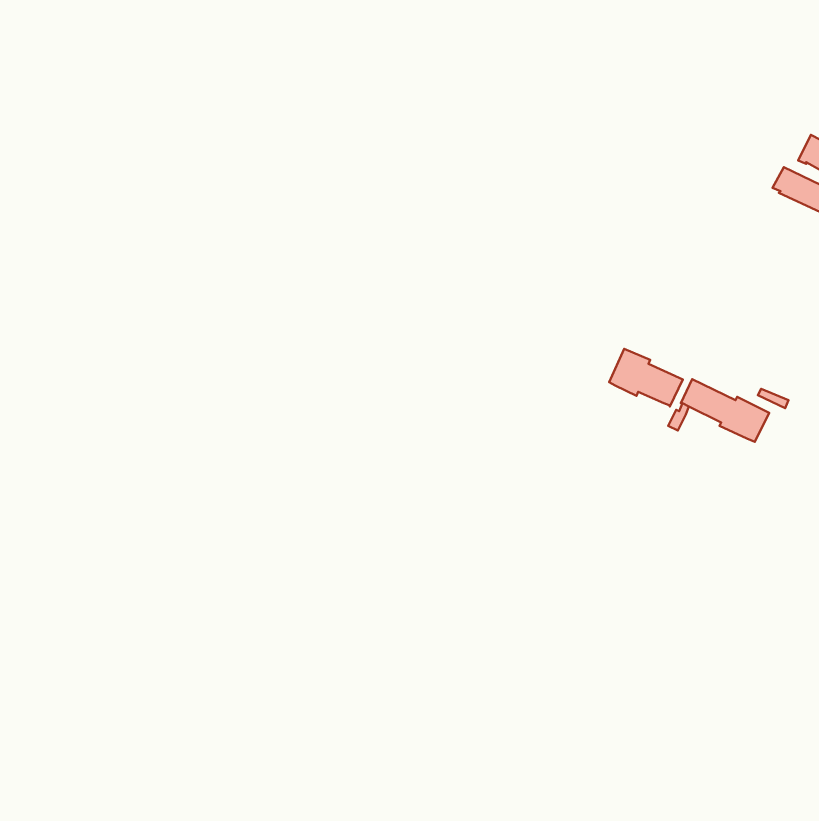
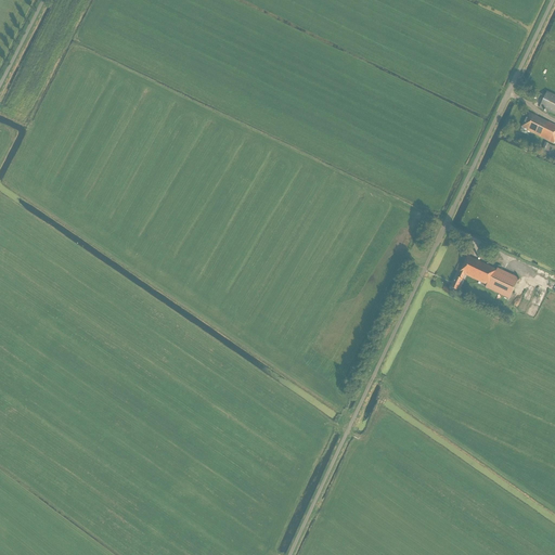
building: [609,349,683,407] -> none

